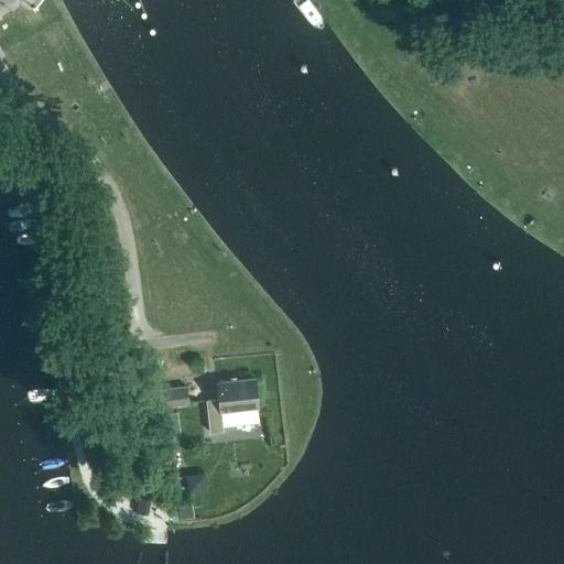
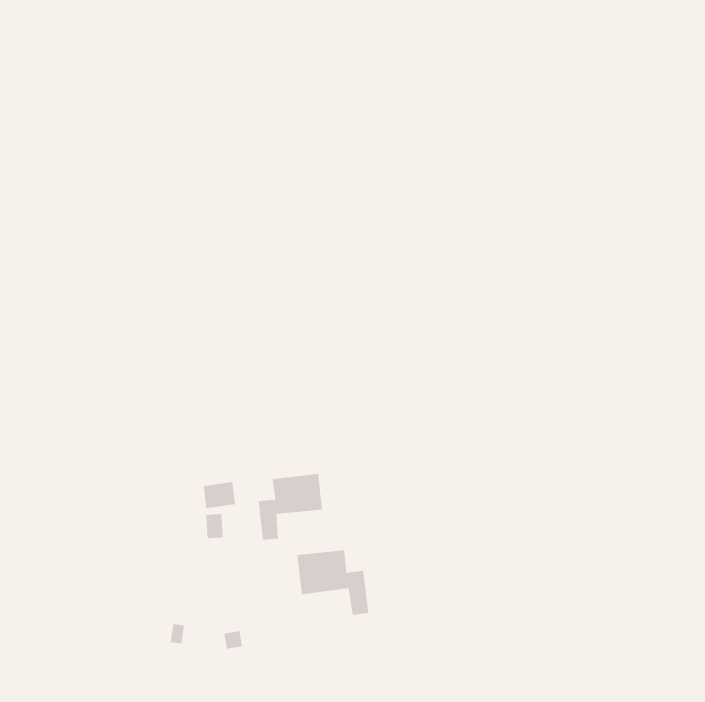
building: none -> [297,550,369,616]

